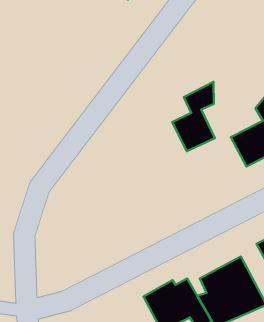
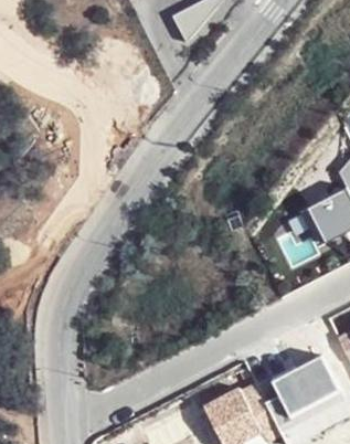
building: [172,82,215,151] -> none

